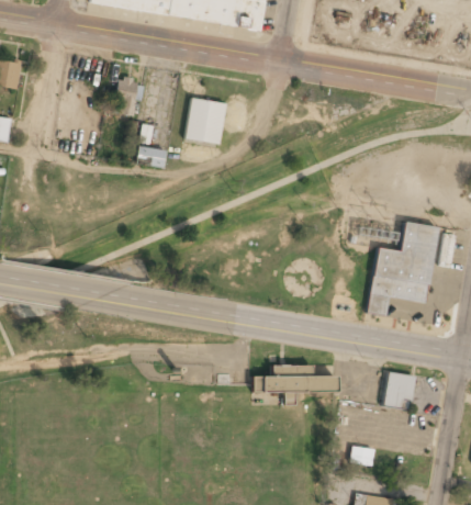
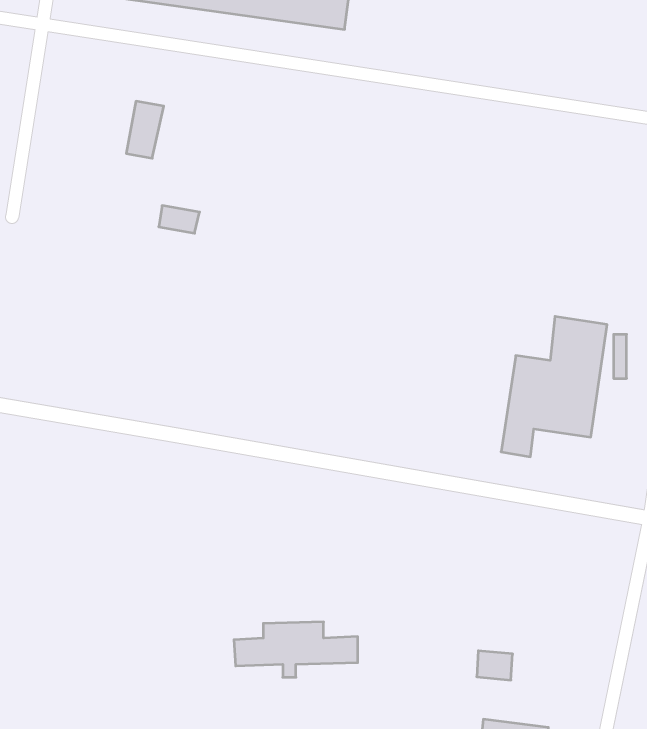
building: [186,97,226,144] -> none
building: [253,363,336,401] -> [234,622,358,677]
building: [383,371,416,408] -> none

